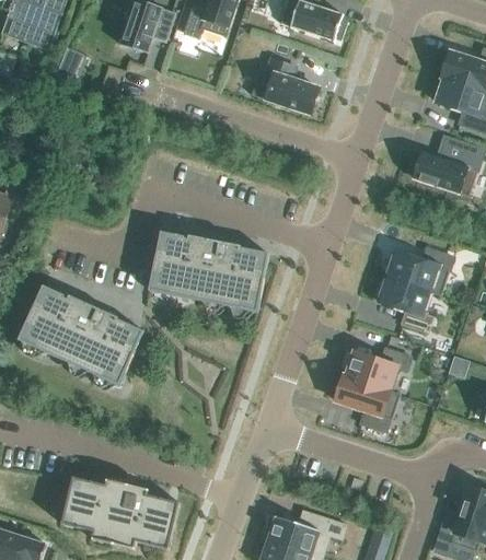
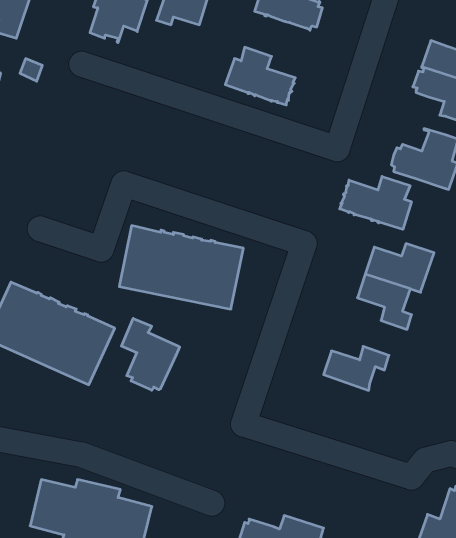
building: none -> [340,176,411,229]
building: none -> [121,318,180,390]
building: [335,375,400,431] -> none

